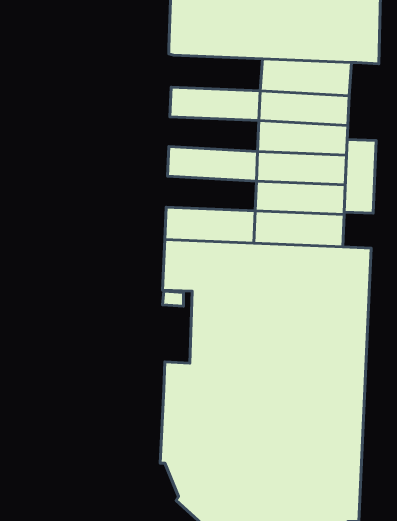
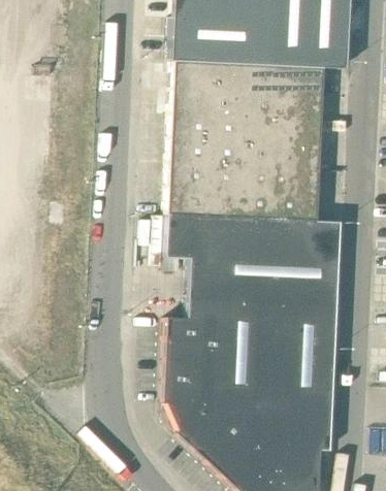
building: none -> [173,60,250,90]
building: none -> [171,111,247,140]
building: [344,139,376,213] -> none
building: none -> [169,161,245,190]

